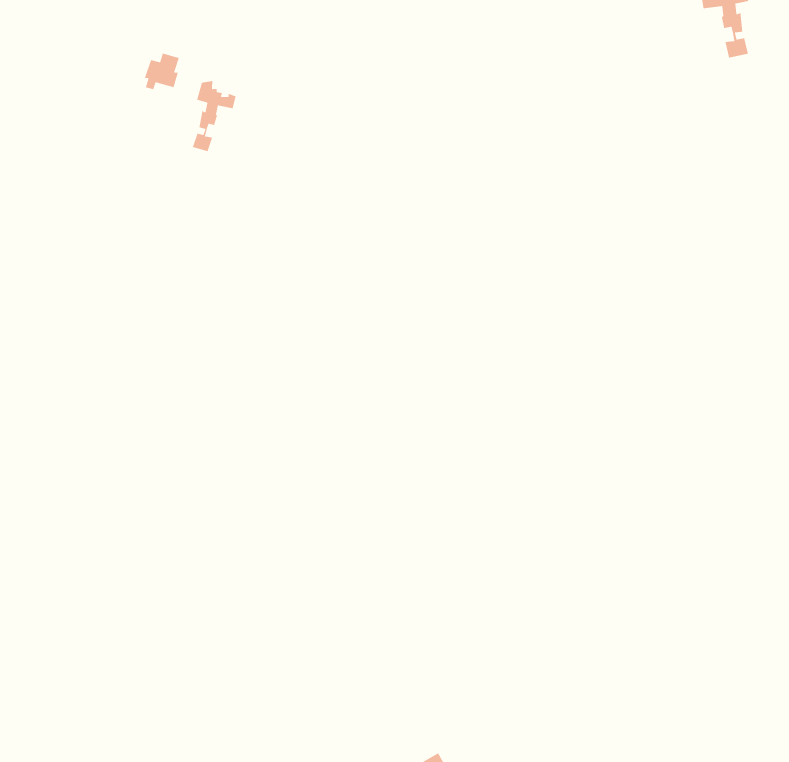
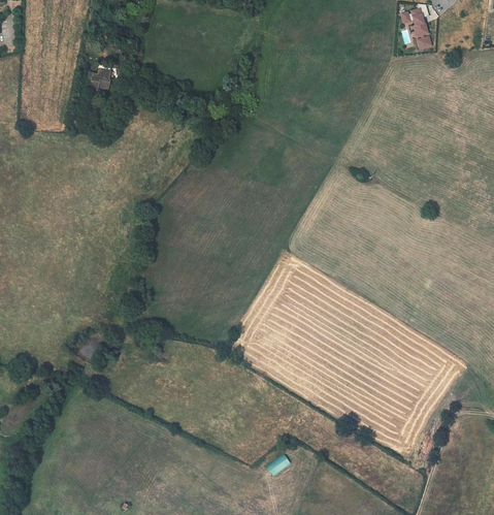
building: [192,80,237,152] -> none

